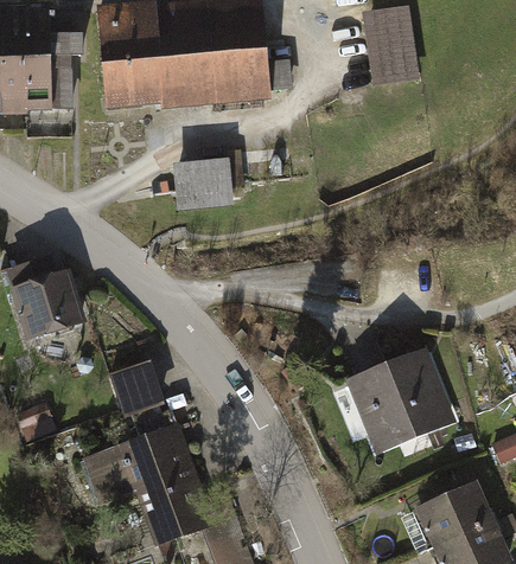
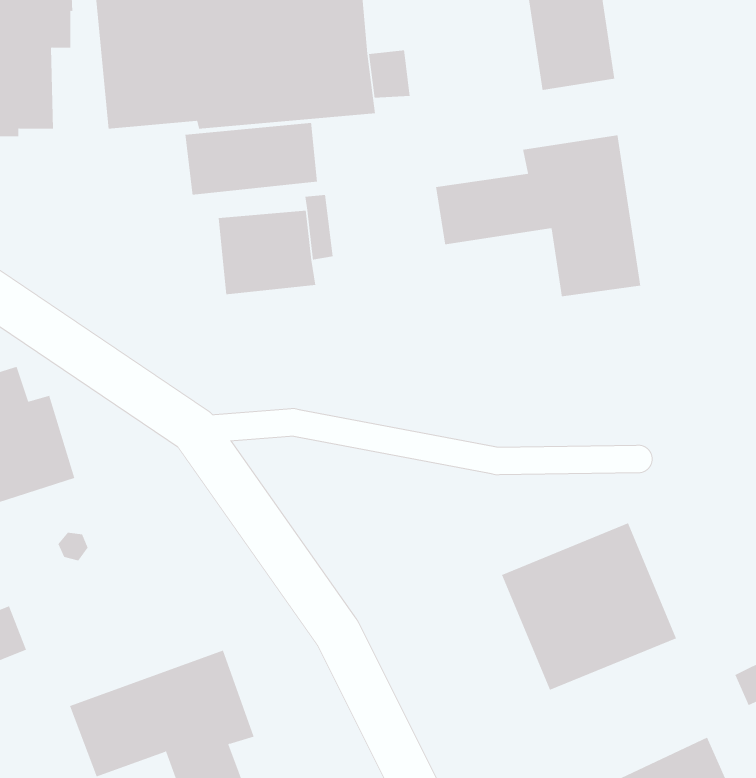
building: none -> [185,122,318,195]
building: none -> [435,134,641,297]
building: [109,361,164,417] -> none

